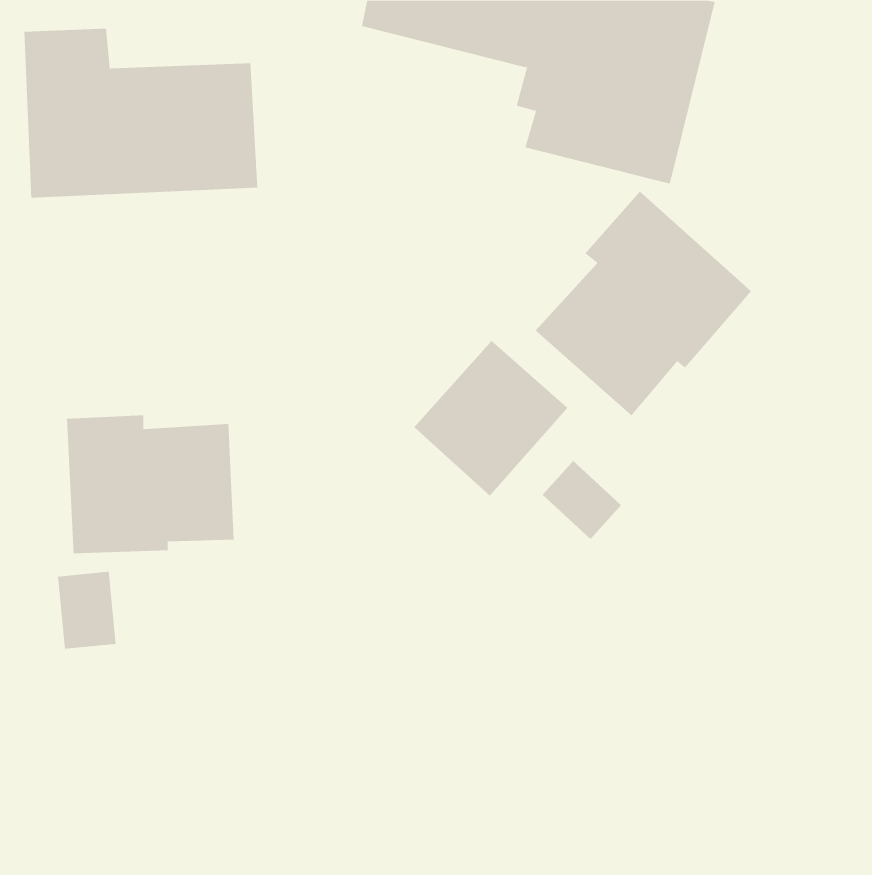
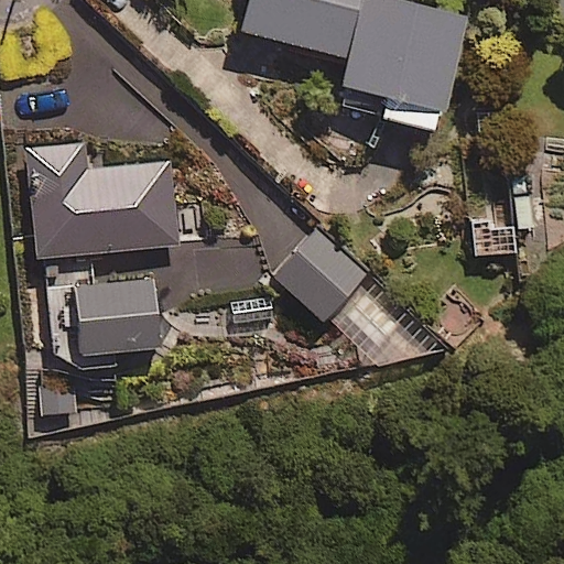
building: [24,28,258,198] -> [34,145,183,253]
building: [535,191,752,416] -> none

